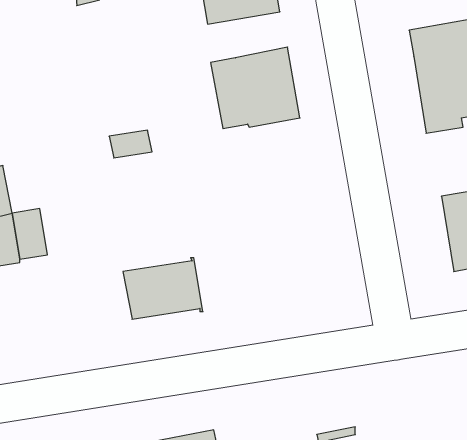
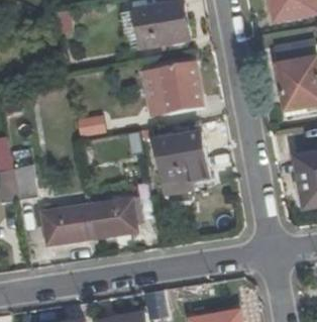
building: none -> [154,131,207,183]
building: none -> [40,208,91,248]

